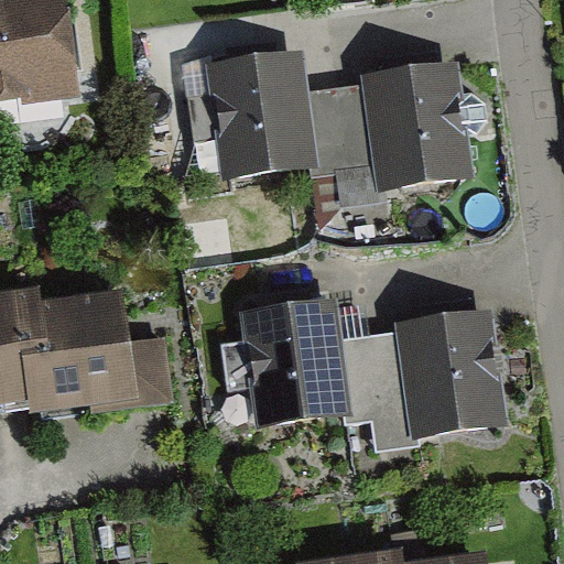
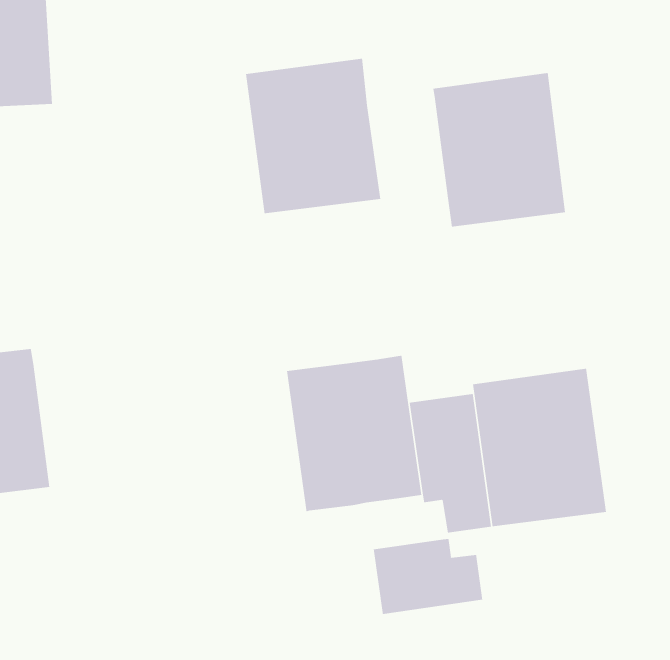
building: [307,80,373,174] -> none
building: [29,292,137,417] -> none
building: none -> [373,538,483,615]

